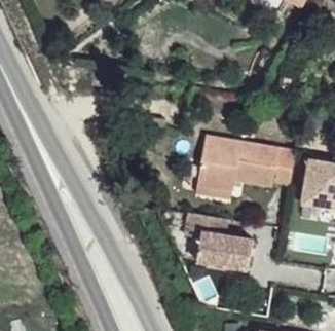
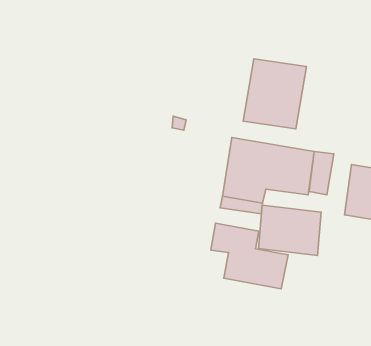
building: none -> [243,59,307,129]
building: none -> [258,205,321,256]

